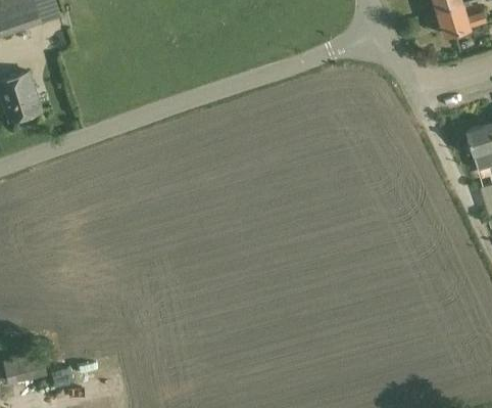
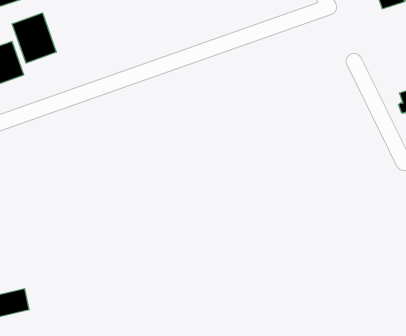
building: none -> [12,13,56,63]

